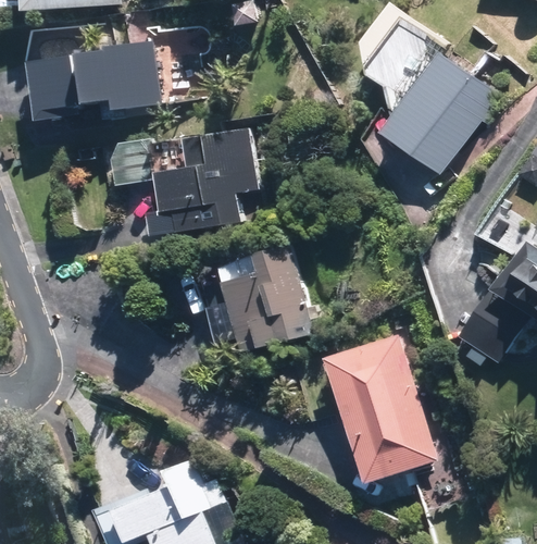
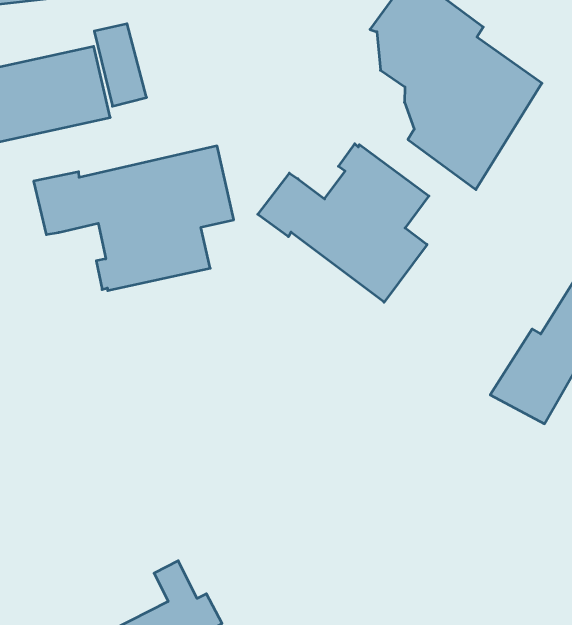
building: none -> [258,144,429,302]
building: [209,242,322,349] -> none
building: [313,332,429,480] -> none

